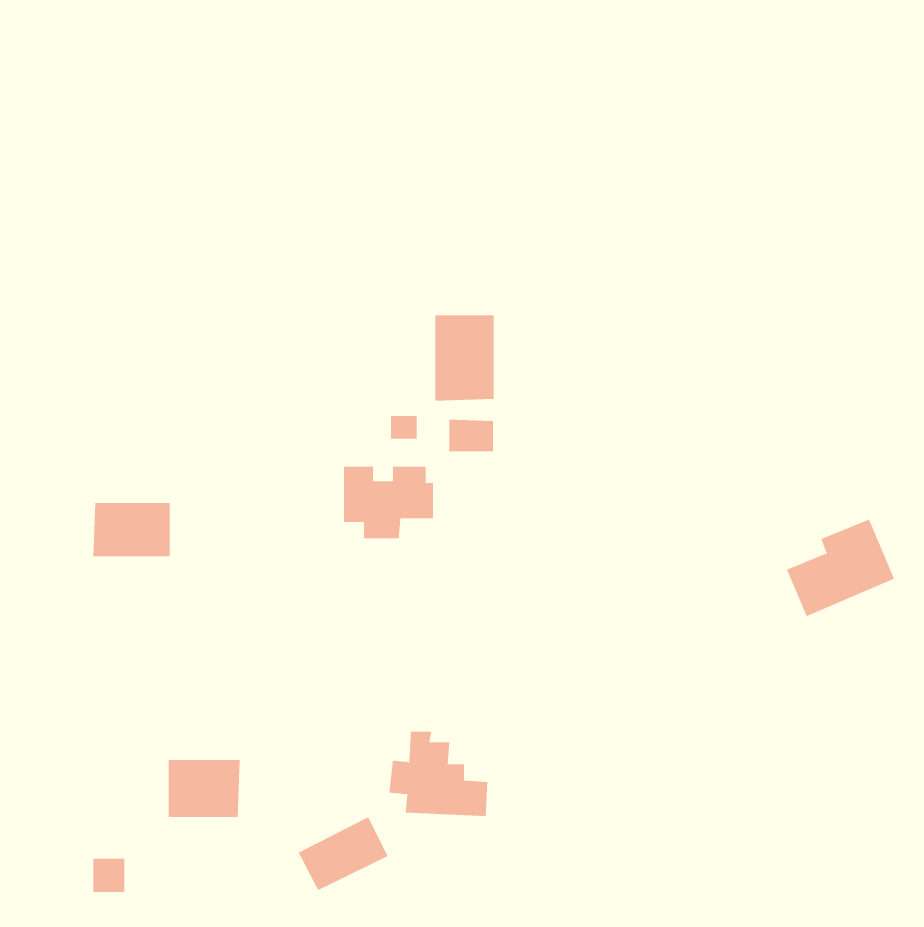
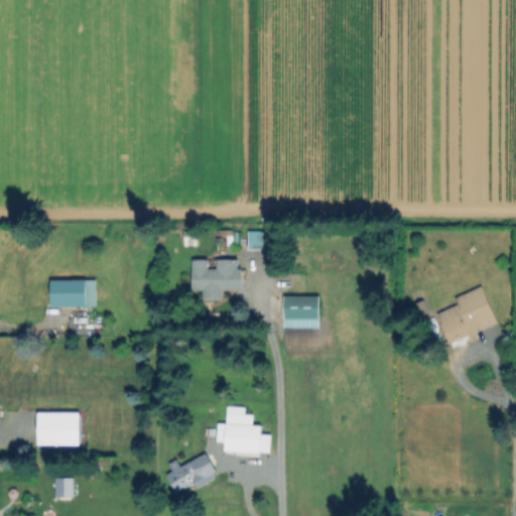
building: [435,315,494,402] -> none
building: none -> [283,297,318,330]
building: [168,759,240,818] -> [38,413,79,445]

